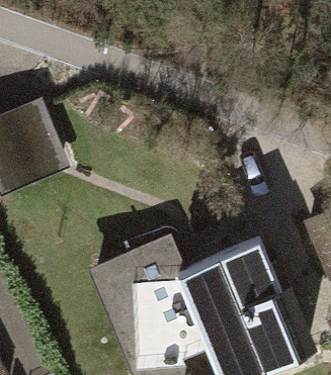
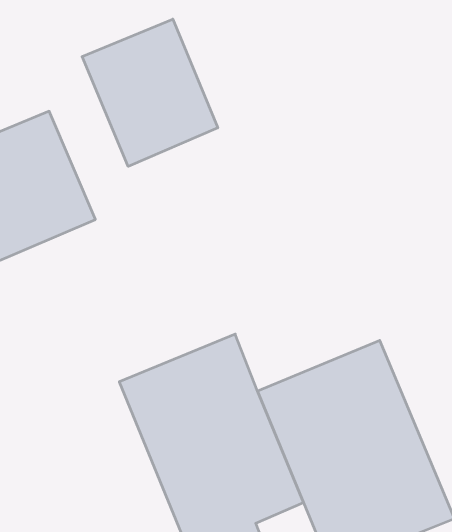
building: none -> [82,19,218,166]

